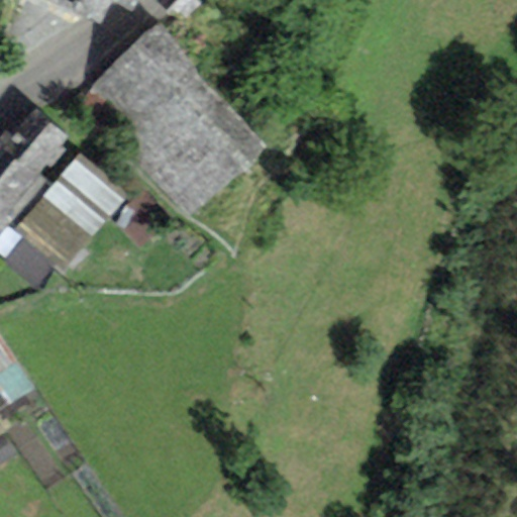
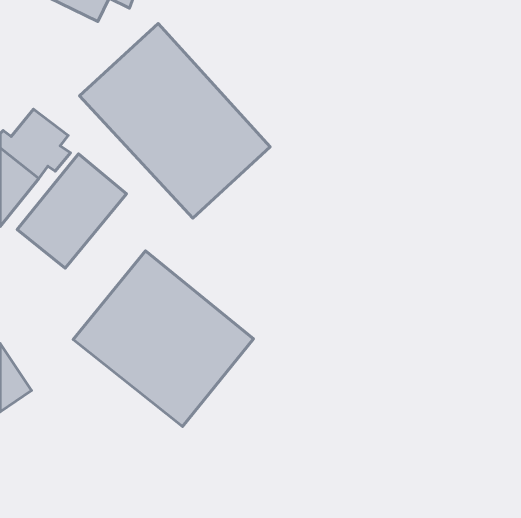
building: none -> [73,251,254,427]

